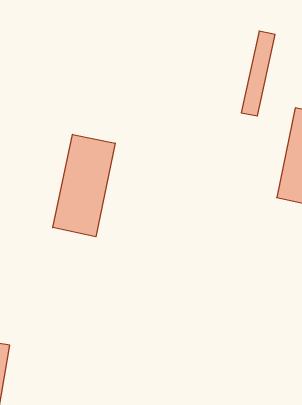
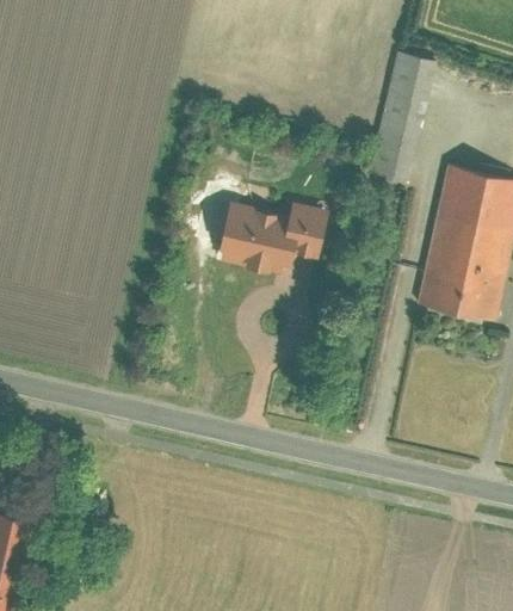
building: none -> [224,203,330,271]
building: [53,134,115,237] -> none

